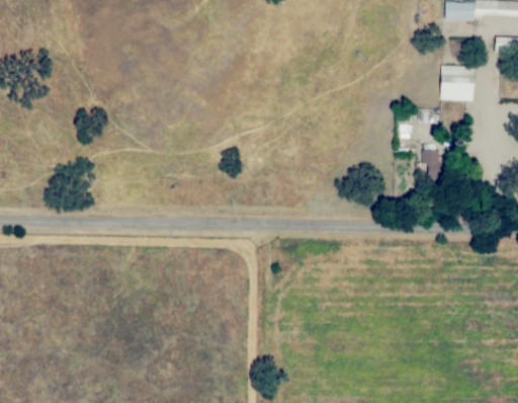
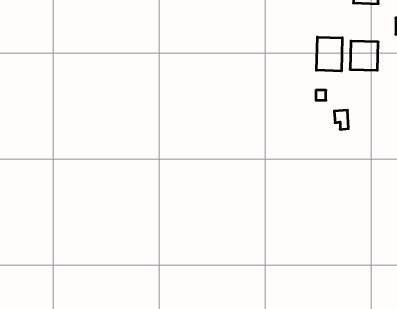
building: none -> [316,37,342,71]

